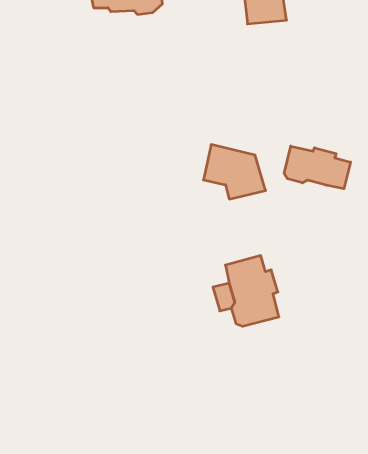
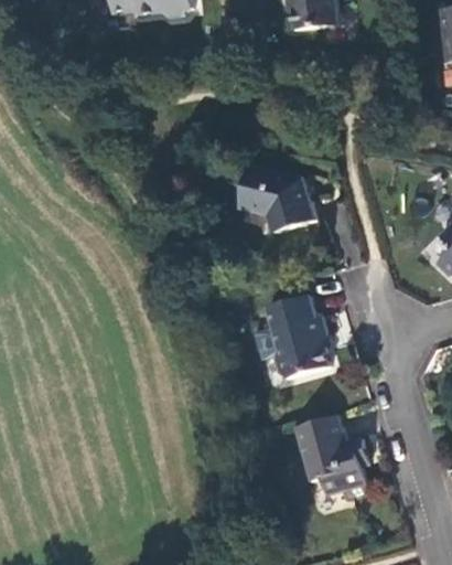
building: [284,146,351,189] -> none
building: none -> [291,415,366,494]

